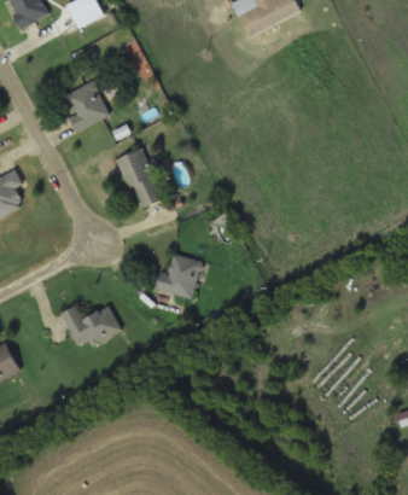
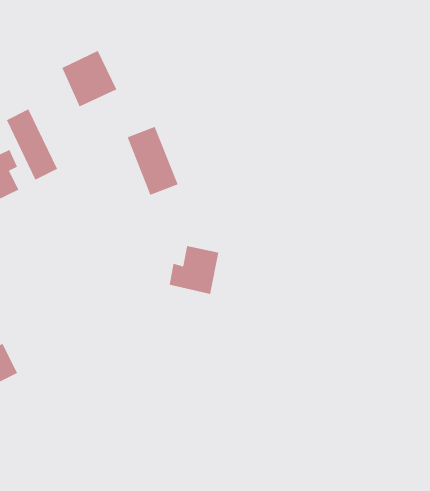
building: none -> [6,109,58,180]
building: [60,305,121,349] -> none

